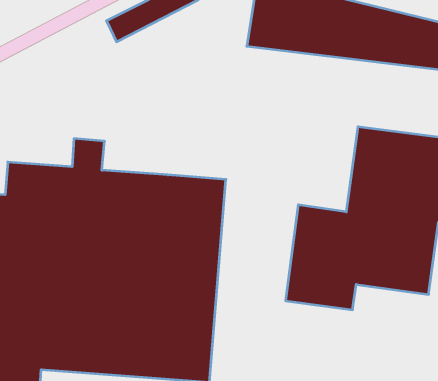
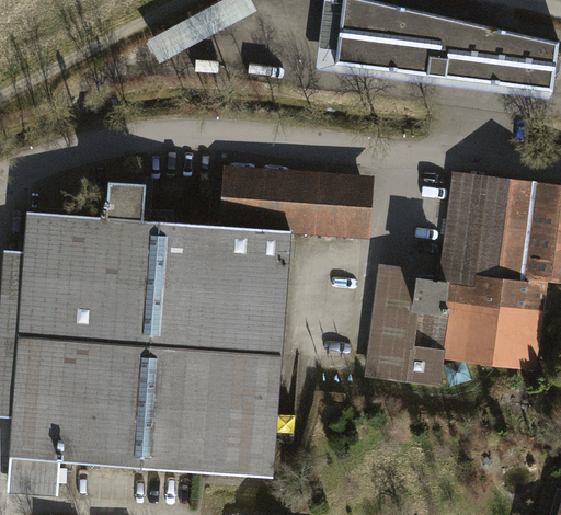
building: none -> [221,163,377,239]

